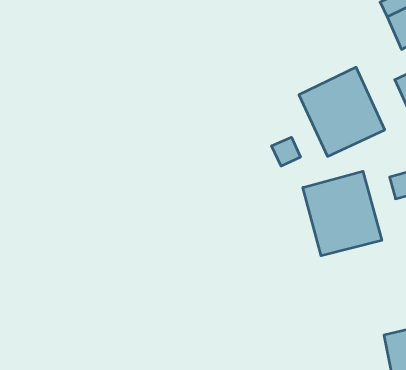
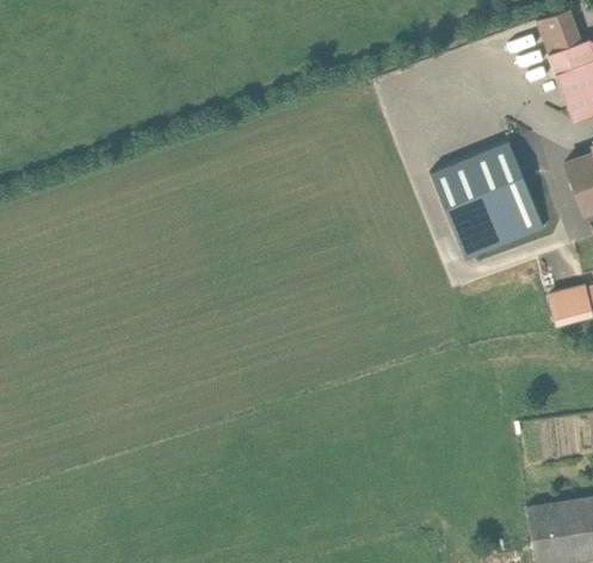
building: [272,137,300,166] -> none
building: [303,171,382,256] -> none

